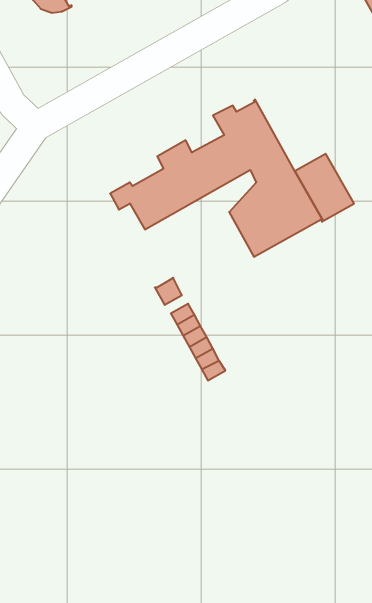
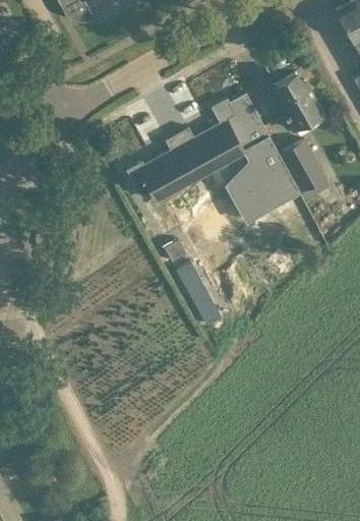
building: none -> [276,75,324,133]

